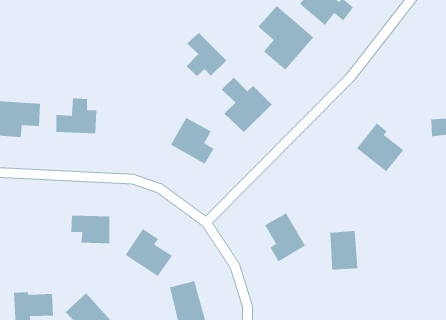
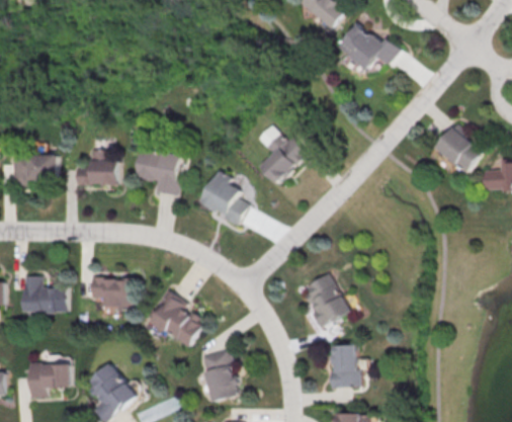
building: [258,5,314,70] -> none
building: [186,32,227,77] -> none
building: none -> [134,150,183,193]
building: [356,122,404,172] -> [434,121,487,176]
building: none -> [22,275,66,312]
building: [330,231,358,270] -> [327,343,358,387]

